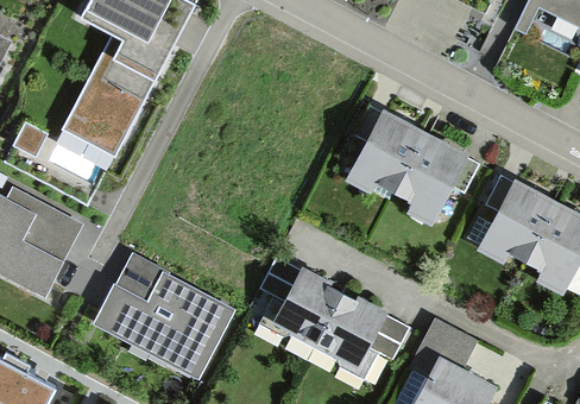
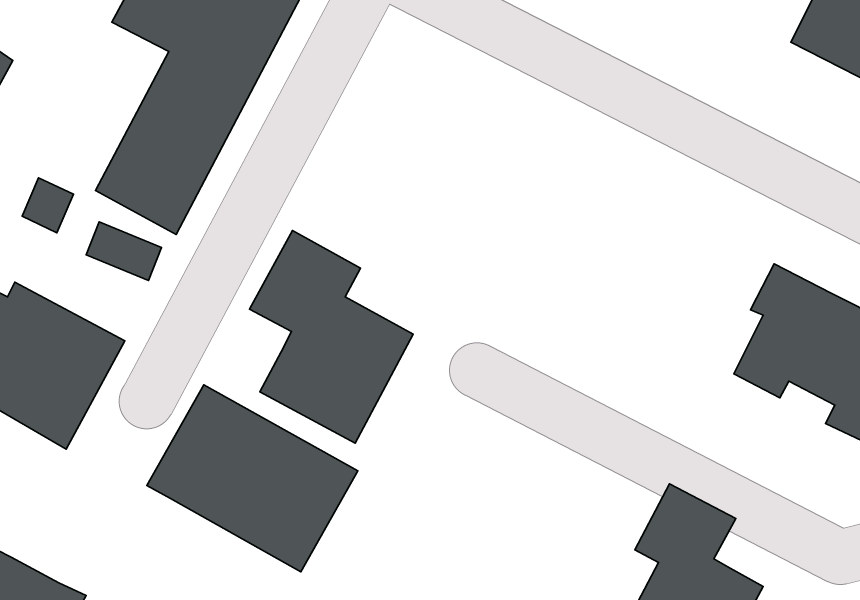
building: [343,106,481,225] -> none
building: none -> [249,231,413,443]
building: [259,259,409,380] -> none

